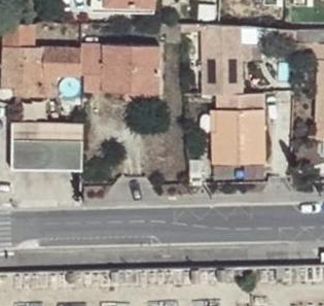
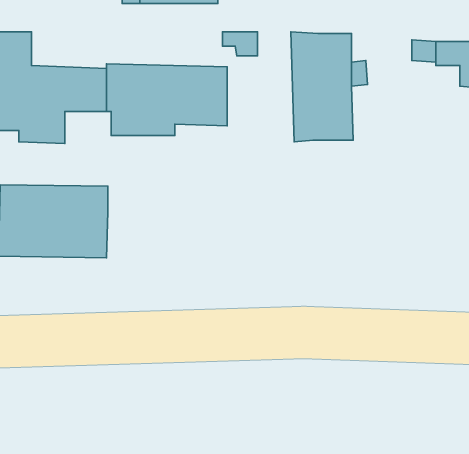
building: [211,96,266,165] -> none

